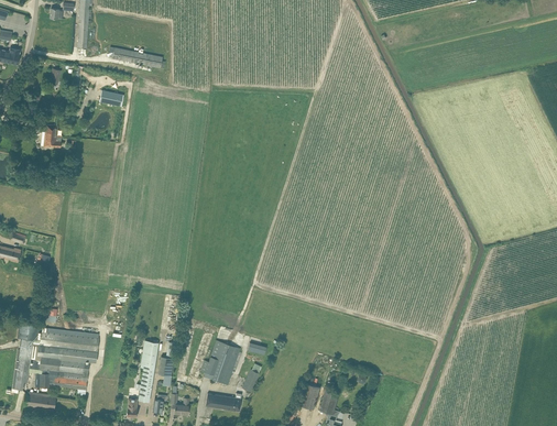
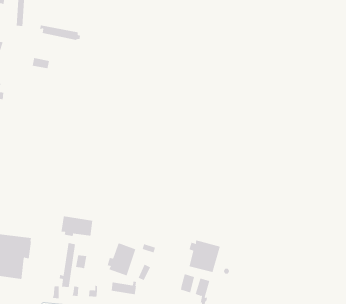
building: none -> [61,215,93,237]
building: none -> [189,240,220,273]

